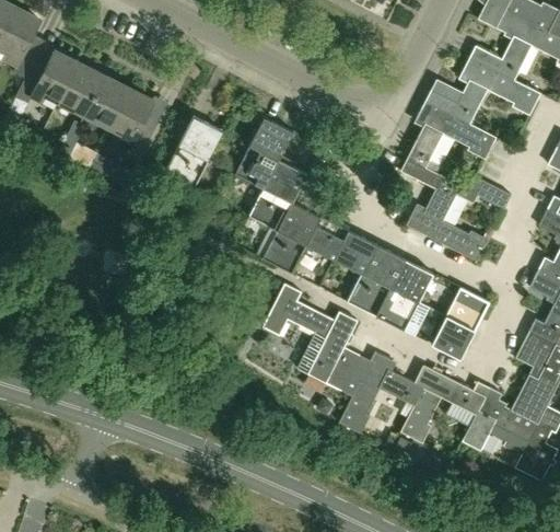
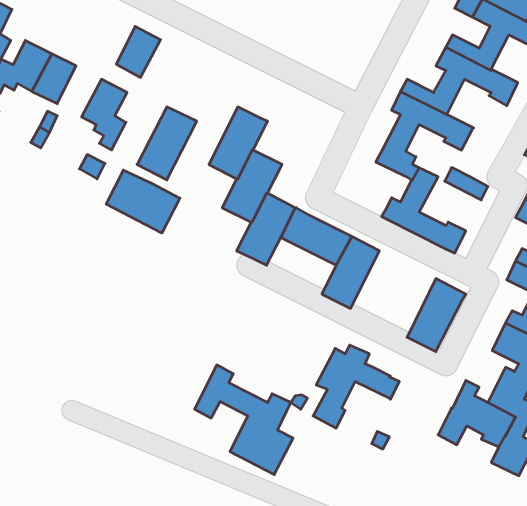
building: [85,76,129,126] -> [116,26,161,77]
building: none -> [106,170,180,233]
building: [375,258,433,329] -> none
building: [262,282,360,391] -> [195,365,293,475]
building: [400,365,489,442] -> none

